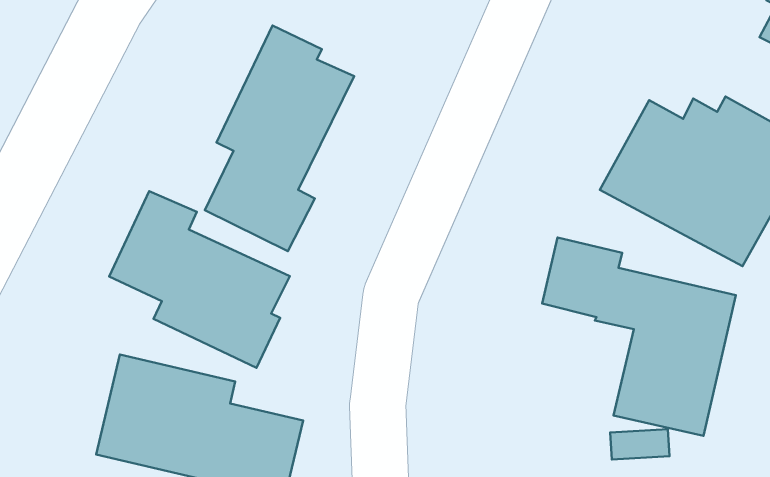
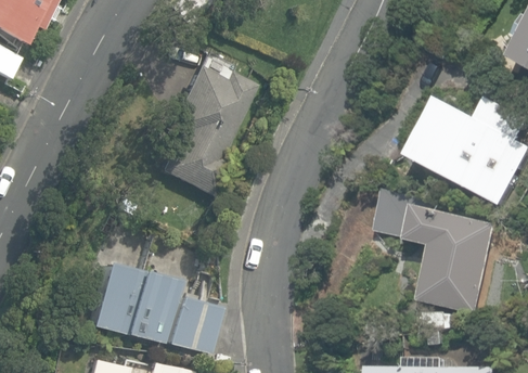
building: [109,191,290,368] -> none

